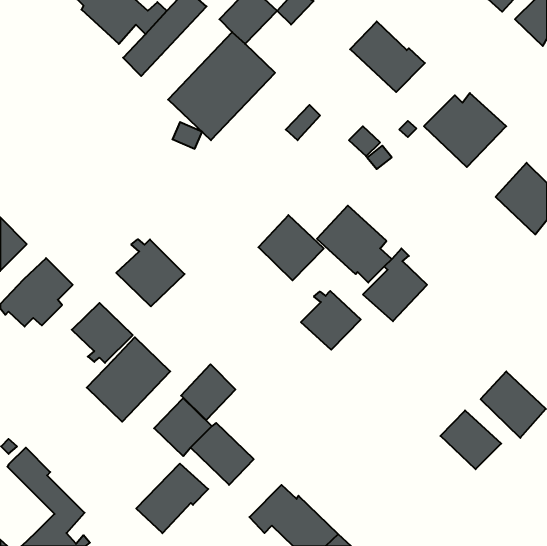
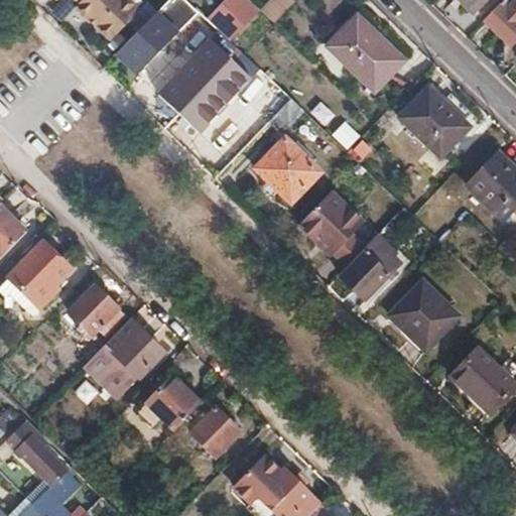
building: [258,215,324,280] -> [257,139,318,201]
building: [116,239,185,306] -> none
building: [301,291,361,350] -> none
building: none -> [391,282,457,347]
building: [181,364,235,420] -> none
building: [440,410,501,469] -> none
building: [136,464,208,533] -> none

